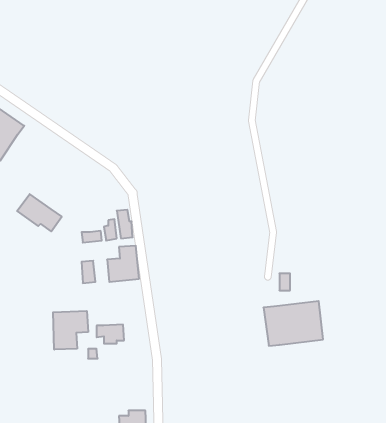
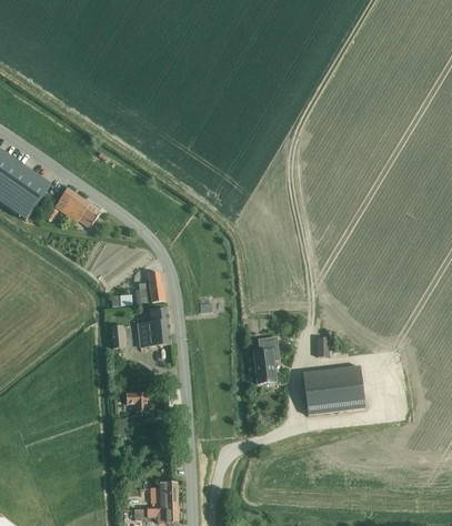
building: [17,194,62,231] -> [53,188,100,226]
building: none -> [252,336,278,383]
building: [53,311,88,350] -> none

